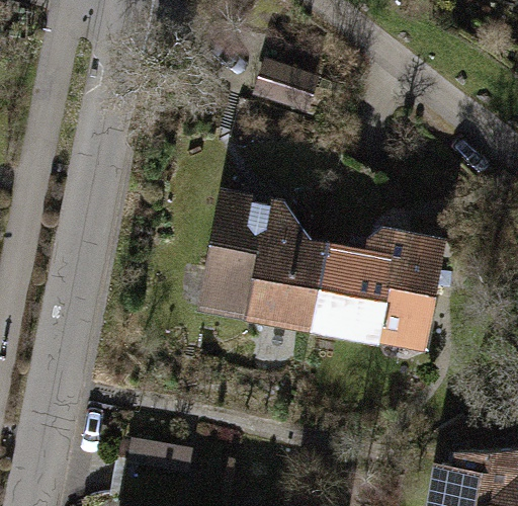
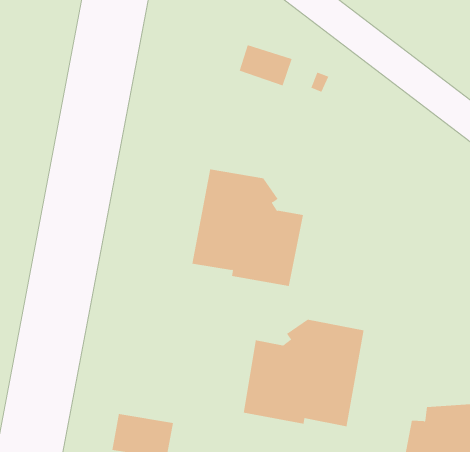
building: [313,237,441,345] -> none
building: none -> [243,319,364,427]

